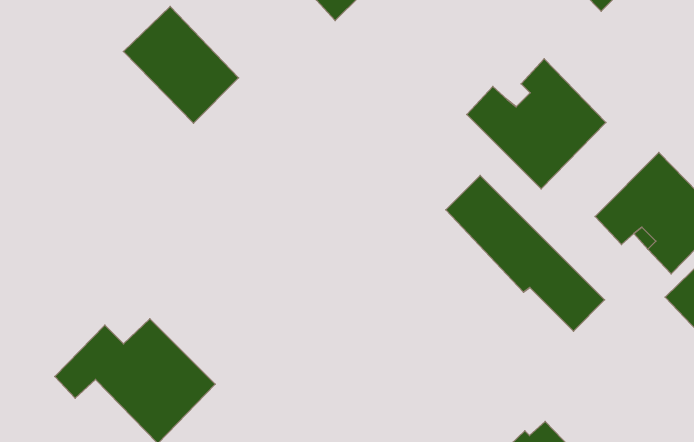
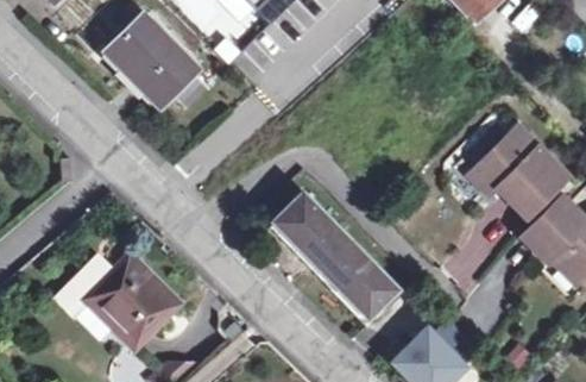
building: [467,59,606,189] -> none
building: [446,175,605,331] -> [276,194,397,313]

